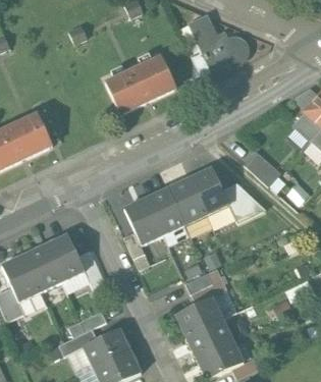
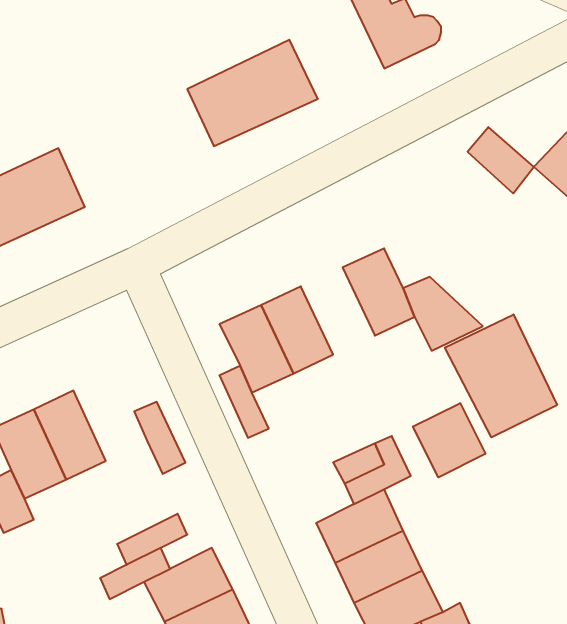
building: [244,150,279,185] -> [468,127,534,193]
building: [167,177,207,224] -> none
building: none -> [445,314,557,437]
building: [45,233,85,281] -> none
building: none -> [413,403,485,477]

